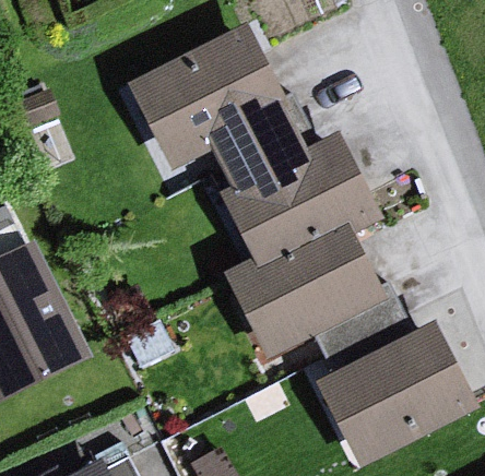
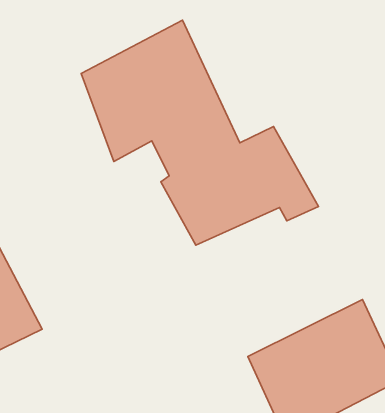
building: [226,223,389,357] -> none

